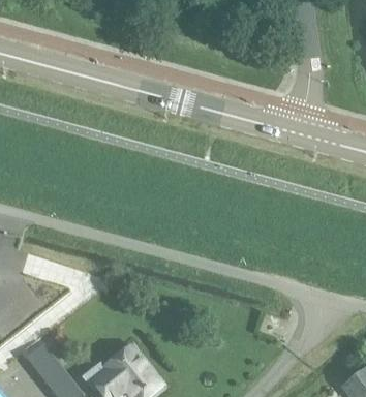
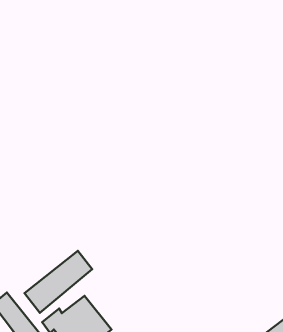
building: none -> [25,251,92,313]

